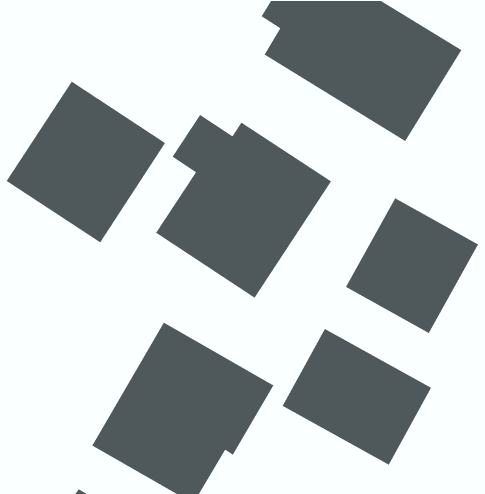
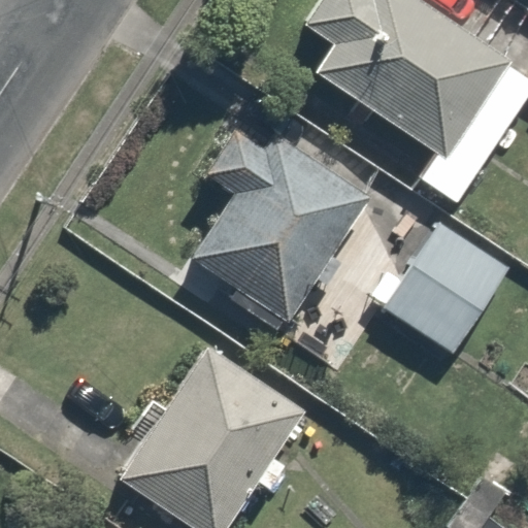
building: [5,80,166,244] -> none
building: [282,328,432,466] -> none

